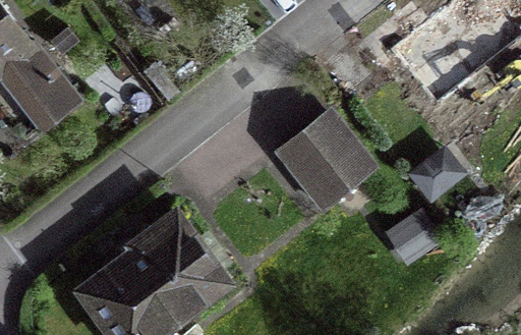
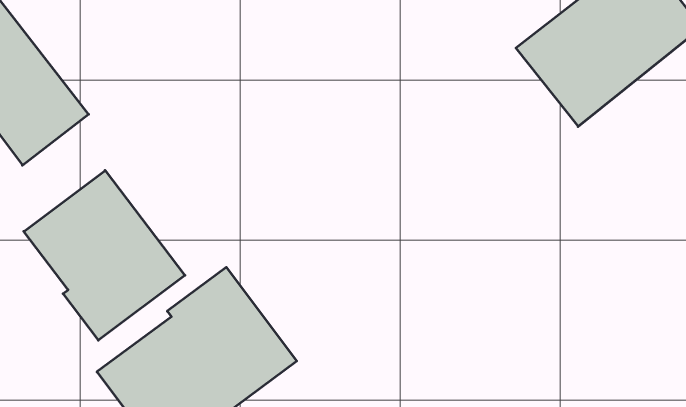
building: [285,114,370,200] -> none
building: none -> [24,170,185,340]

